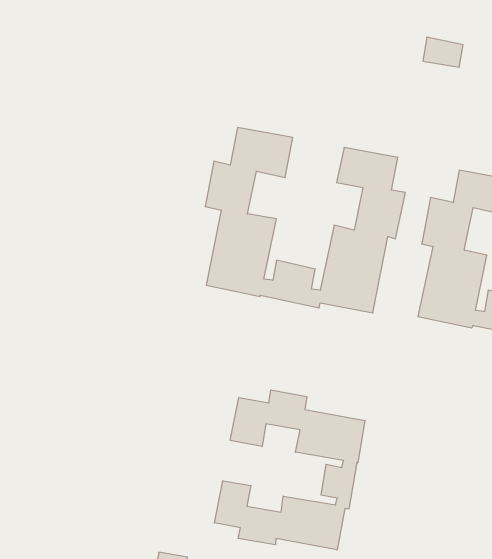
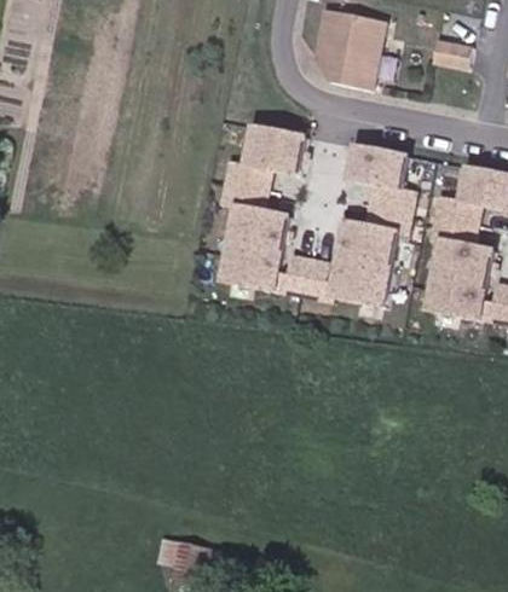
building: none -> [313,7,383,88]
building: [214,390,365,550] -> none

